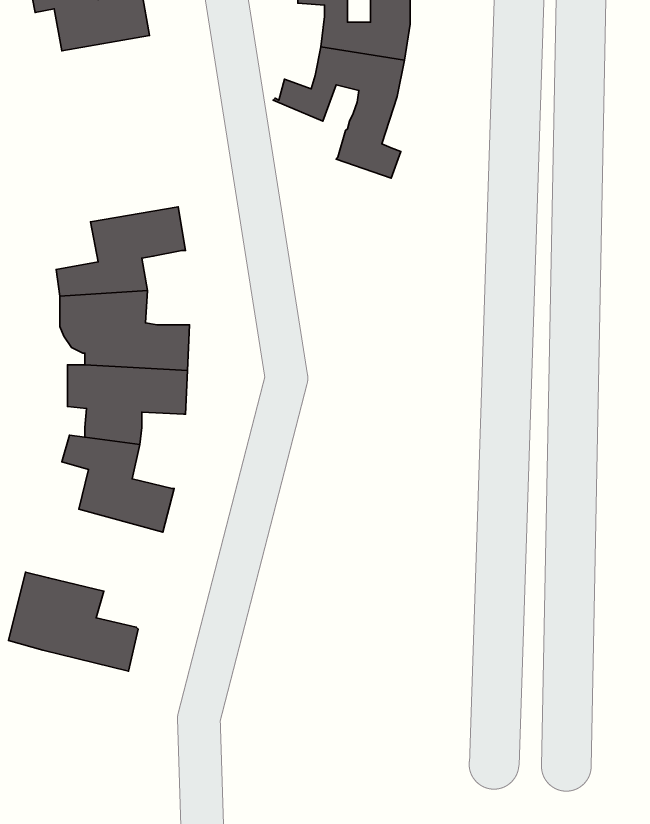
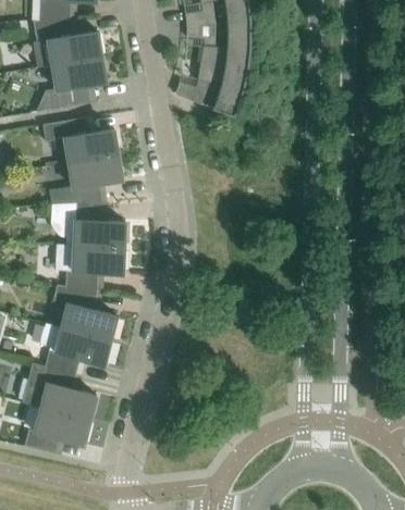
building: none -> [37,55,107,111]
building: none -> [42,116,119,162]
building: none -> [40,323,110,373]
building: none -> [24,407,90,453]

